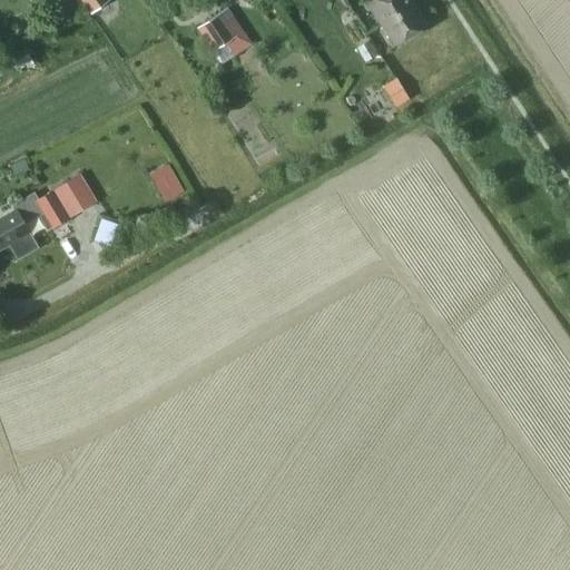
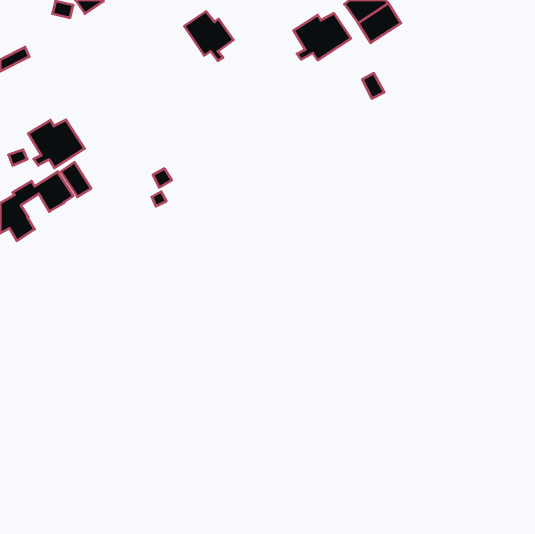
building: none -> [294,13,351,60]
building: none -> [28,120,85,168]

